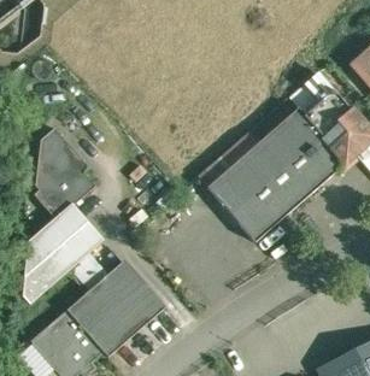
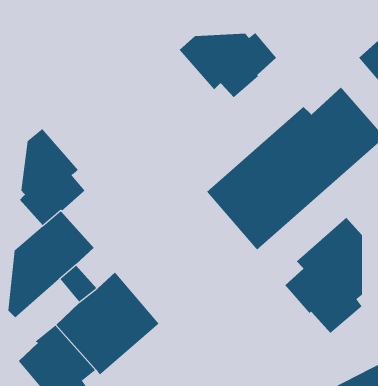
building: none -> [179,32,277,98]
building: none -> [285,217,363,334]

